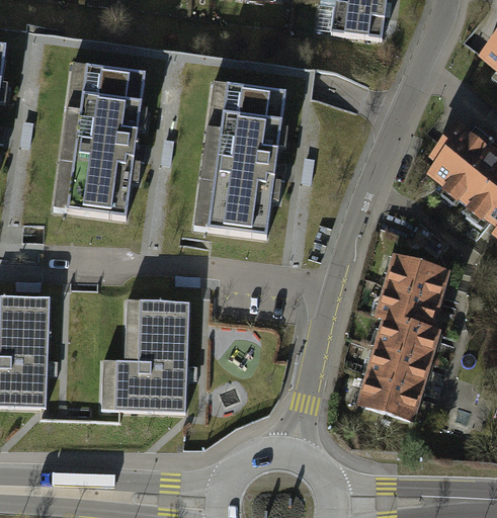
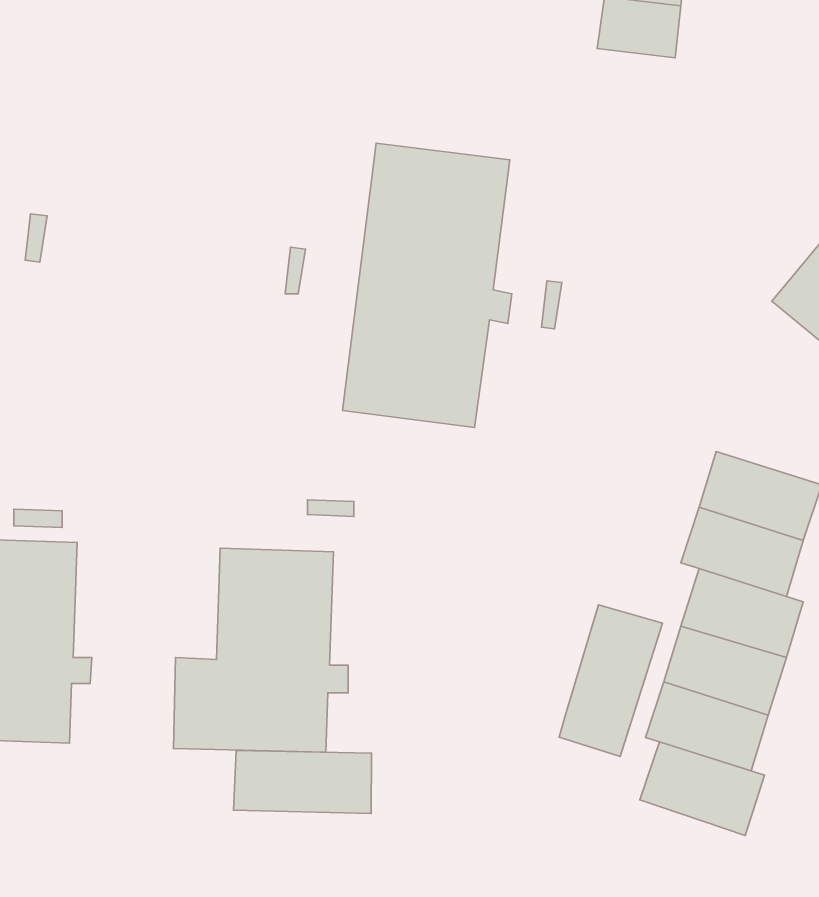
building: [53,62,146,217] -> none
building: none -> [559,605,662,757]
building: none -> [640,742,764,835]
building: none -> [234,751,371,814]

